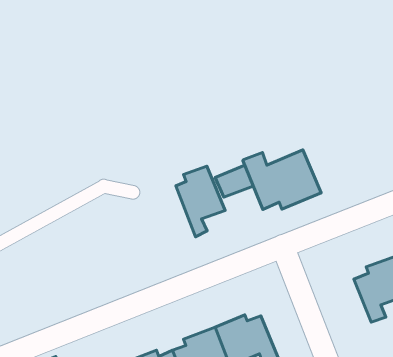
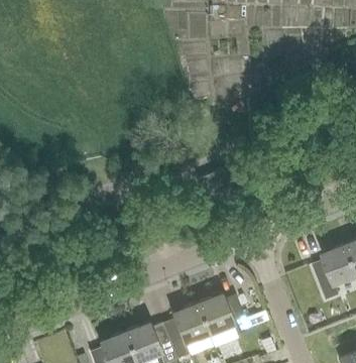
building: [243,150,321,209] -> none
building: [176,166,225,237] -> none

